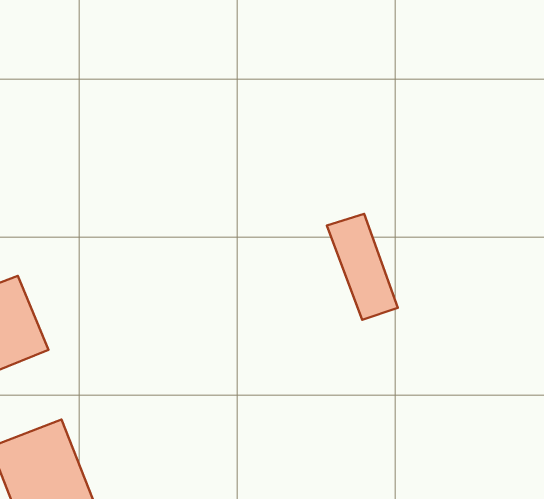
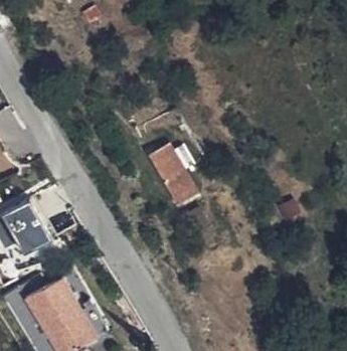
building: [327,214,398,320] -> [152,145,197,204]

